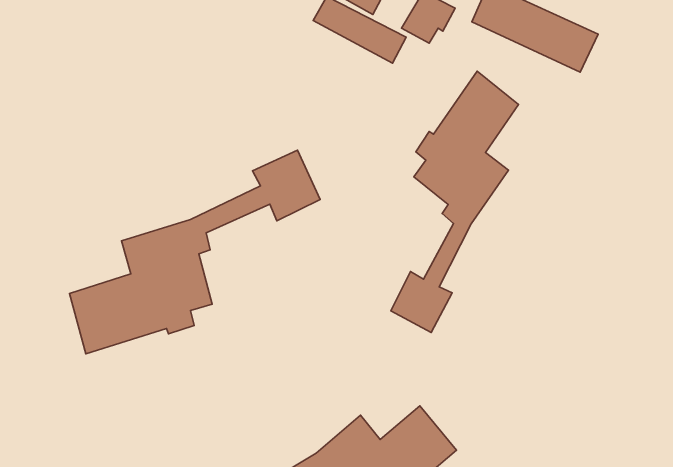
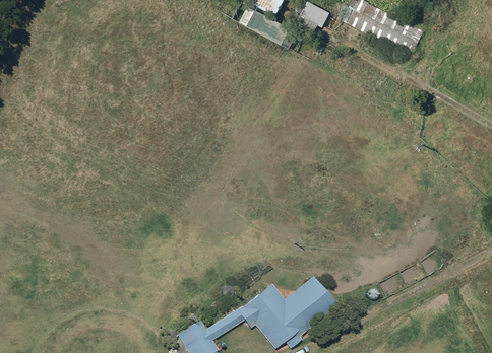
building: [391,71,518,333] -> none
building: [69,150,320,354] -> none

